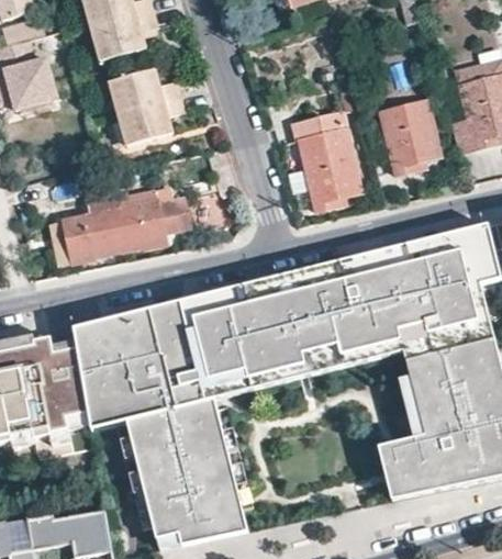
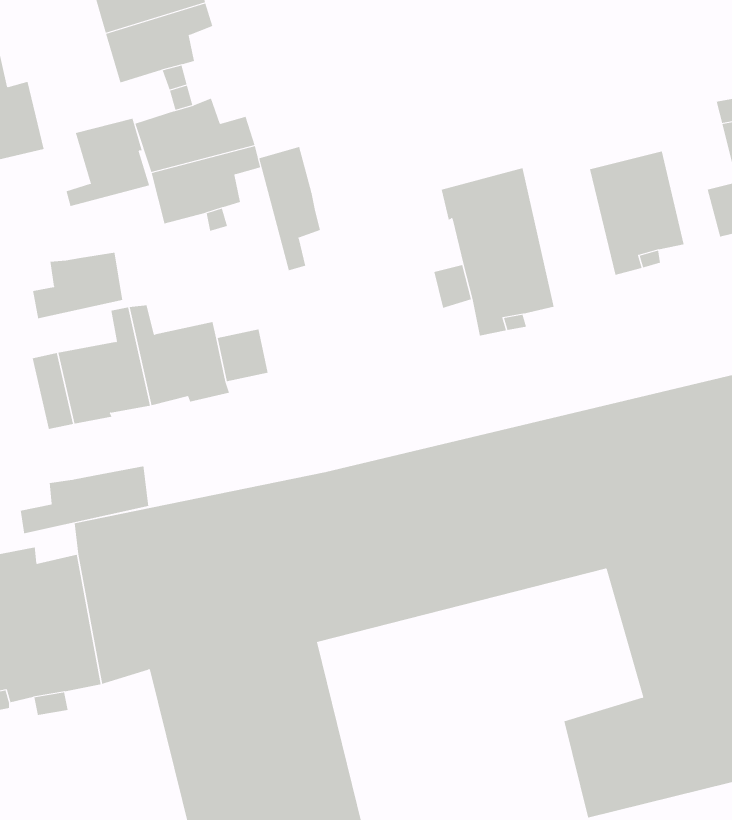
building: none -> [66,118,150,207]
building: none -> [259,146,320,271]
building: none -> [32,252,123,319]
building: none -> [20,466,149,534]

